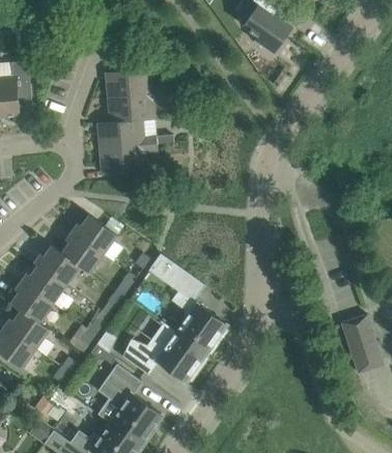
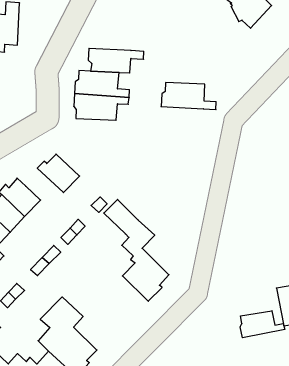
building: [106,68,165,98] -> [161,83,216,110]
building: [61,232,102,273] -> none
building: [121,323,207,381] -> none
building: none -> [240,311,285,338]

